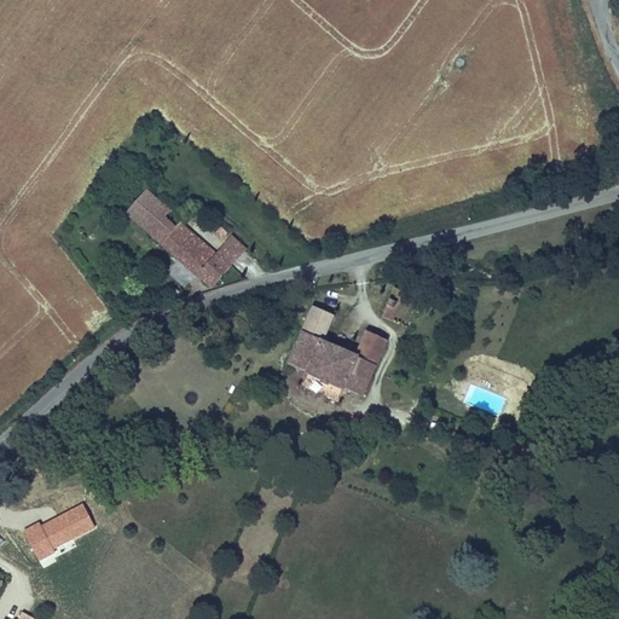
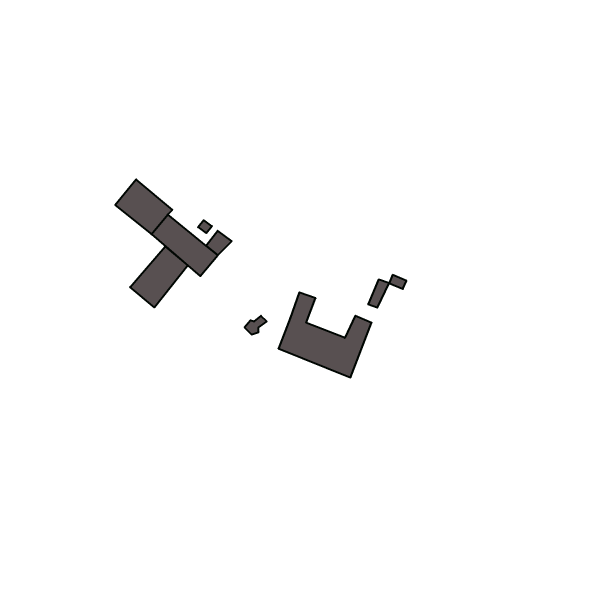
building: none -> [130,246,188,307]
building: [25,504,94,565] -> none

